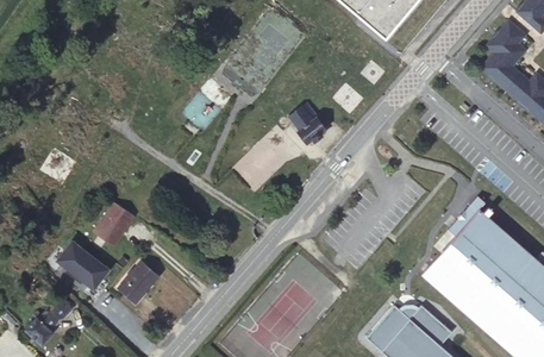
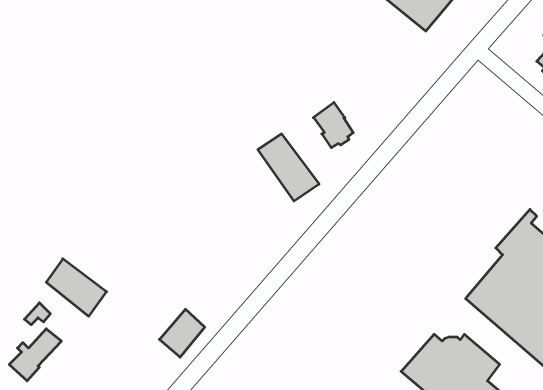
building: none -> [258,134,319,201]
building: [94,203,132,245] -> none
building: [118,262,157,303] -> [159,309,205,357]

